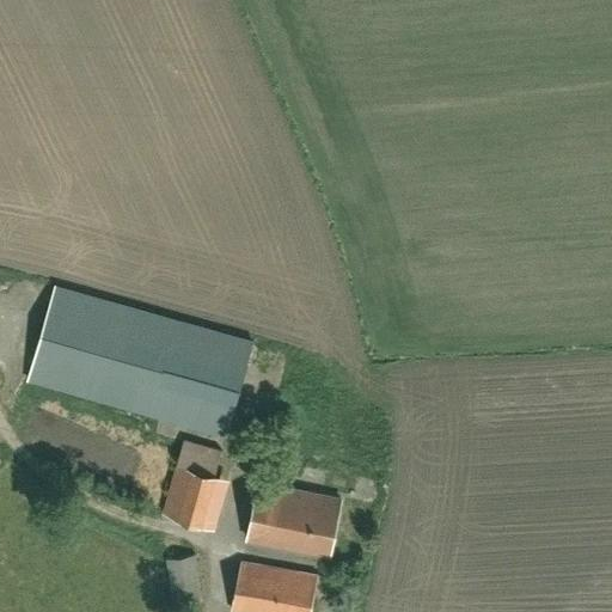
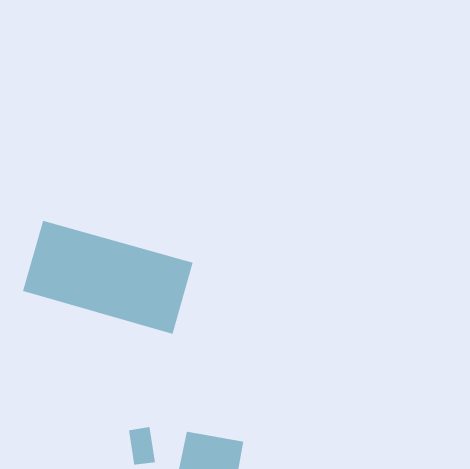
building: [163,440,230,530] -> none
building: [249,483,339,556] -> none

